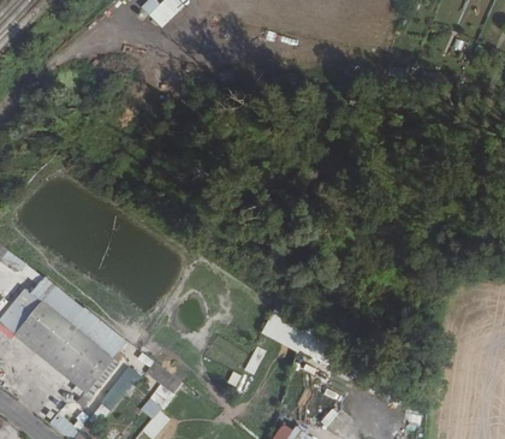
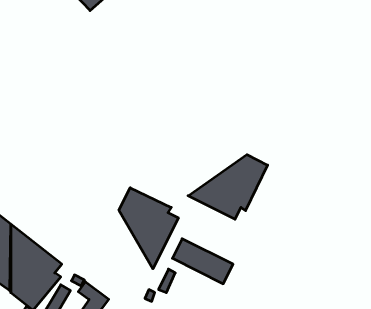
building: none -> [188,155,268,219]
building: none -> [119,188,178,269]

